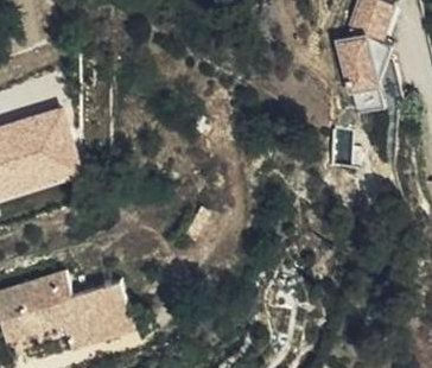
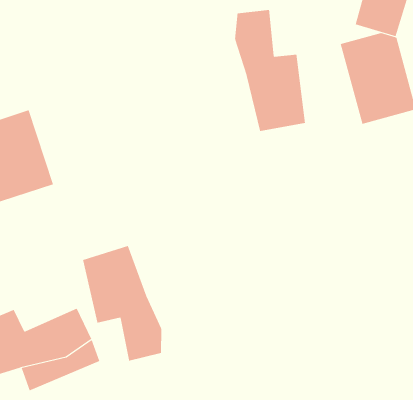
building: none -> [235,9,306,132]
building: none -> [82,245,162,362]

